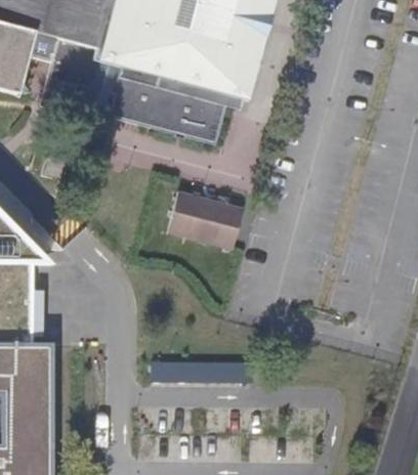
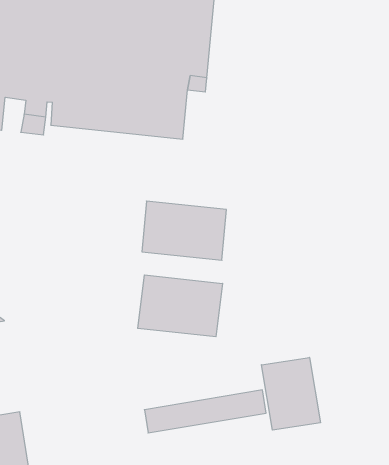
building: none -> [138,275,223,337]
building: none -> [261,357,320,430]

